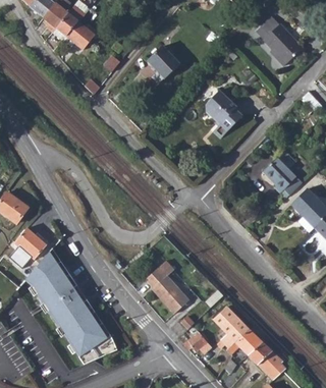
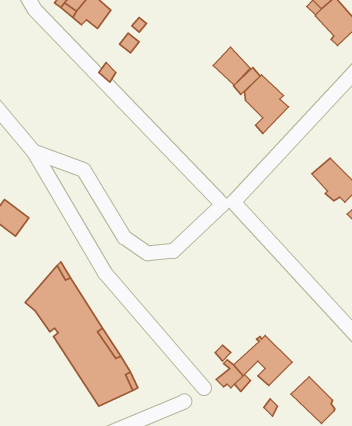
building: [146,44,176,75] -> [213,47,250,85]
building: [13,227,46,259] -> none
building: [145,260,188,312] -> none
building: [223,328,260,354] -> none

